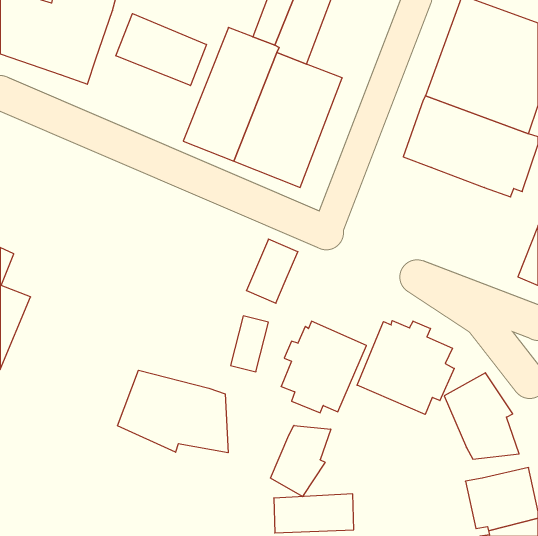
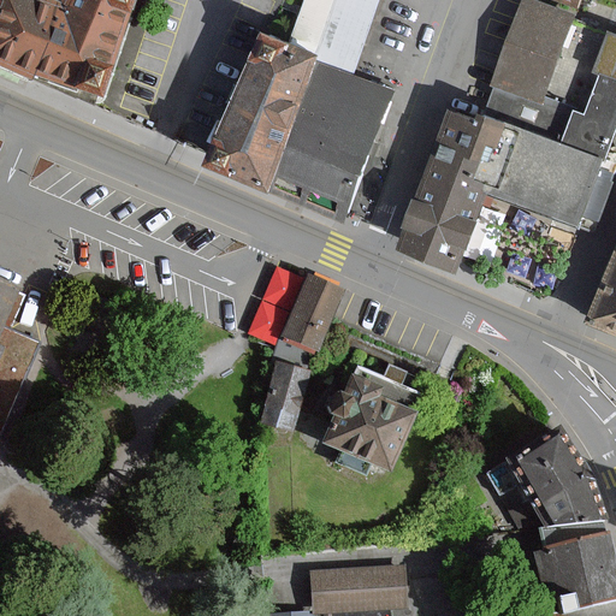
building: [116,14,206,86] -> none
building: none -> [403,103,493,267]
building: [357,321,454,414] -> none
building: [117,370,228,453] -> none
building: [270,425,331,497] -> none

